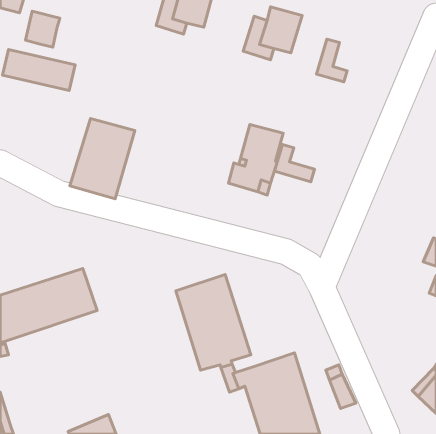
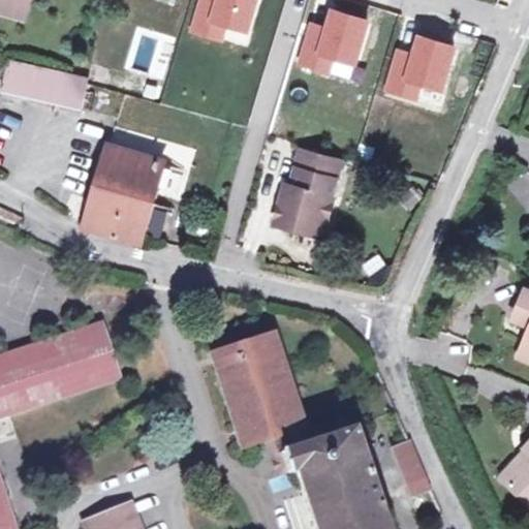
building: [26,11,60,47] -> none
building: none -> [403,35,455,91]
building: [275,144,314,182] -> none

